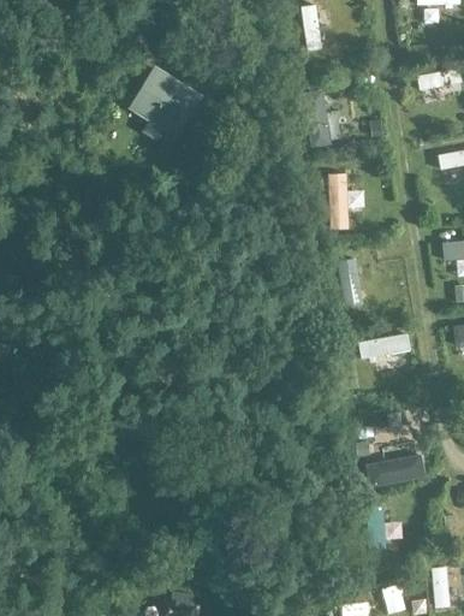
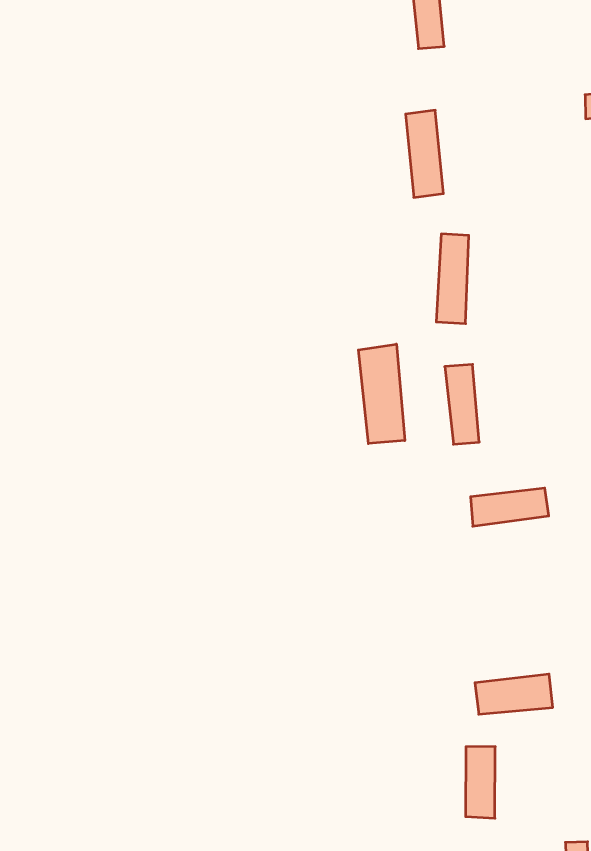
building: [135,71,197,130] -> none
building: none -> [358,344,405,444]

